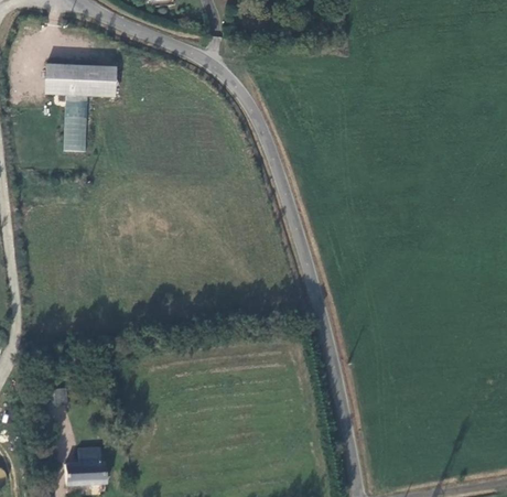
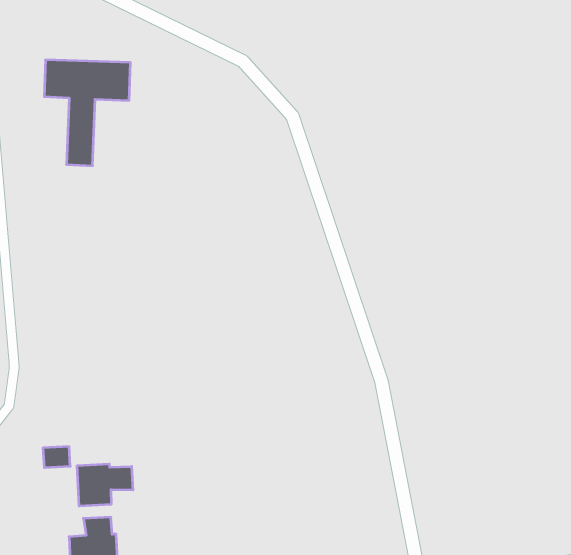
building: none -> [77,464,133,506]

